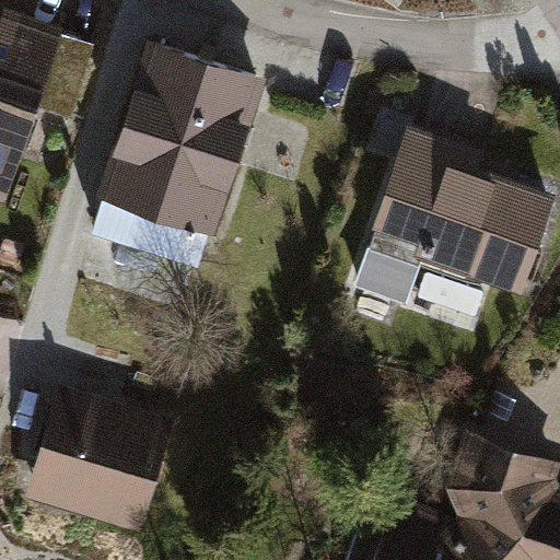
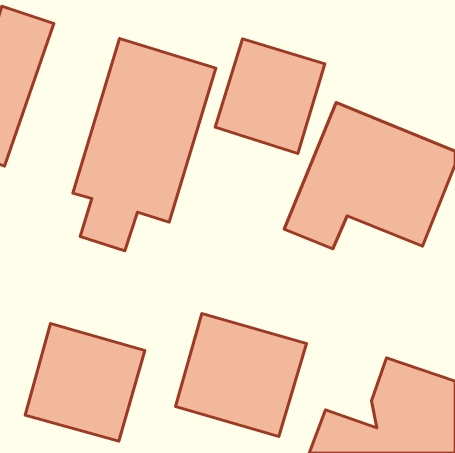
building: none -> [215,39,325,153]
building: none -> [176,314,306,436]

